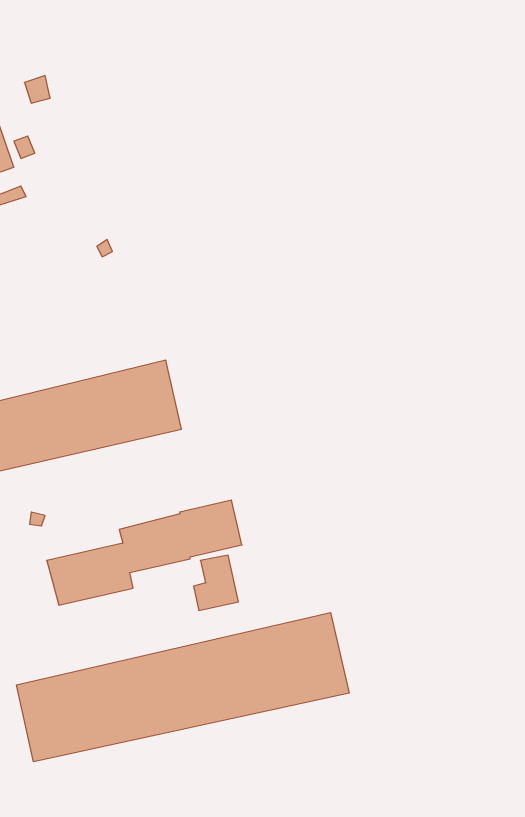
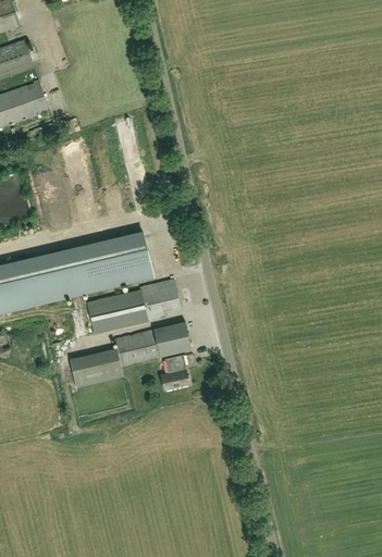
building: none -> [86,278,181,333]
building: [16,613,349,762] -> none

